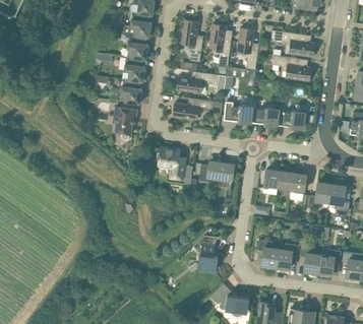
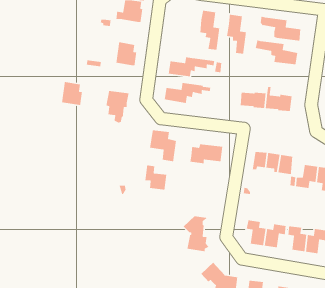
building: [181,20,203,62] -> none
building: [127,35,148,60] -> none
building: [120,79,142,105] -> [61,81,83,106]
building: [224,102,252,123] -> none
building: none -> [145,164,167,191]

